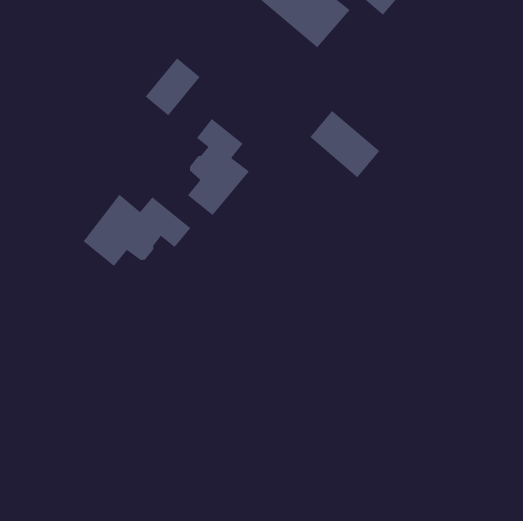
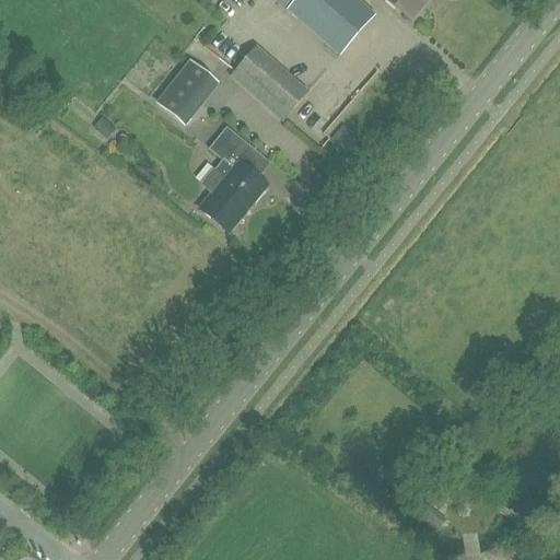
building: [309,110,380,178] -> [232,46,307,118]
building: [83,194,191,267] -> none

